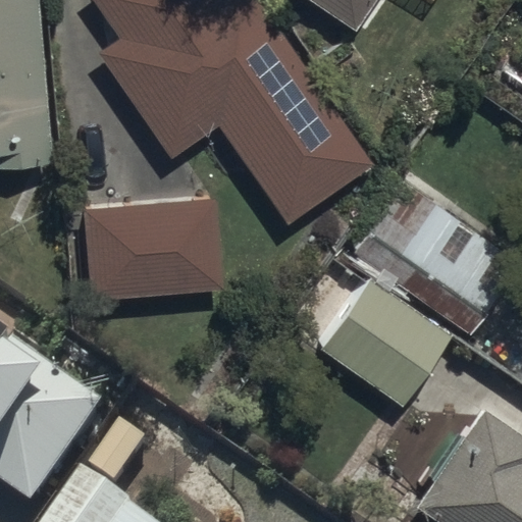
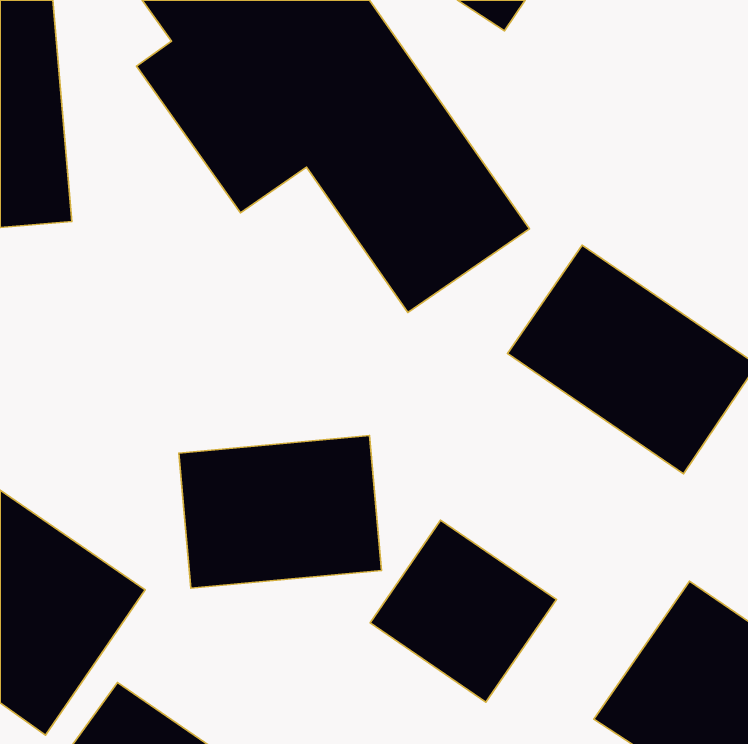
building: [80,199,220,305] -> [179,435,381,588]
building: [319,277,449,404] -> [370,520,556,702]

